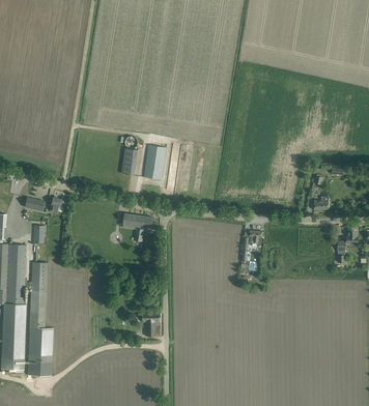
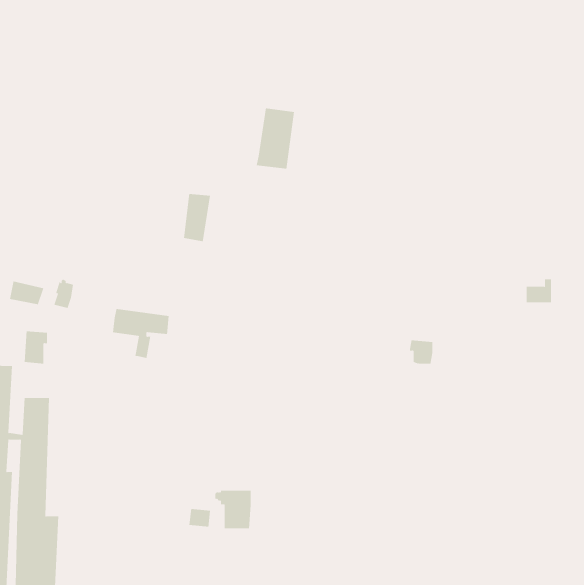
building: [143,145,165,179] -> [256,108,295,169]
building: [121,213,153,241] -> [112,308,170,359]

